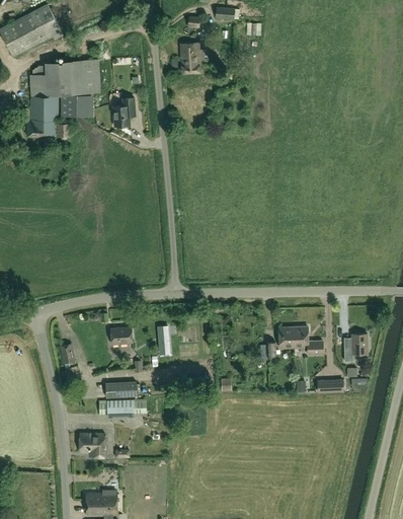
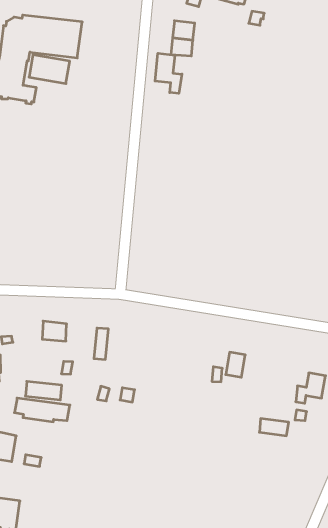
building: none -> [155,53,182,93]
building: [112,97,134,127] -> none
building: [293,327,322,355] -> none

